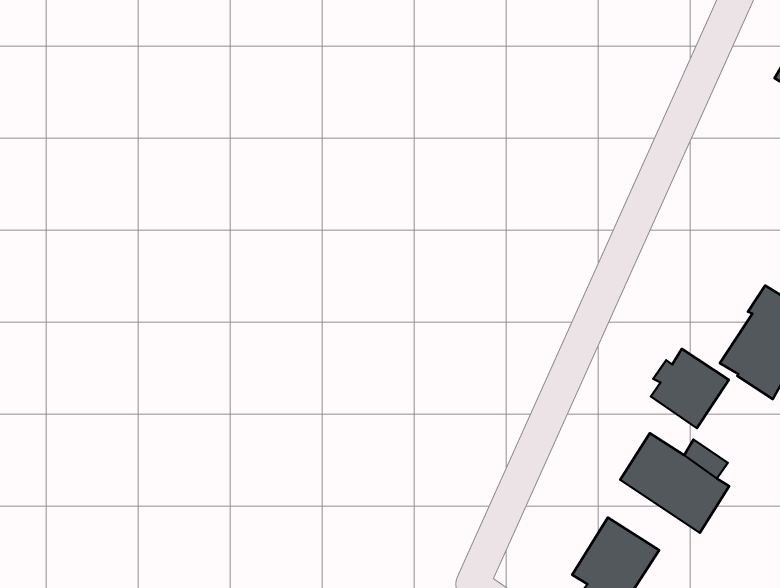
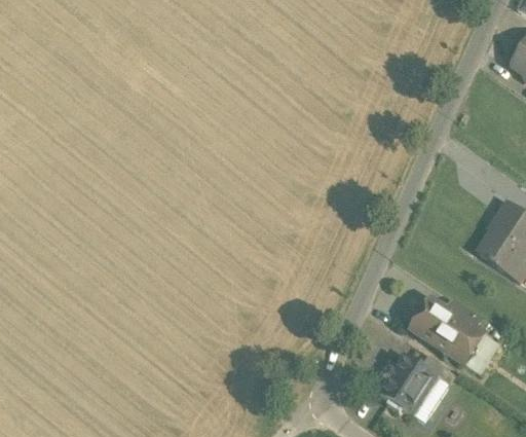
building: [651,349,729,428] -> none

